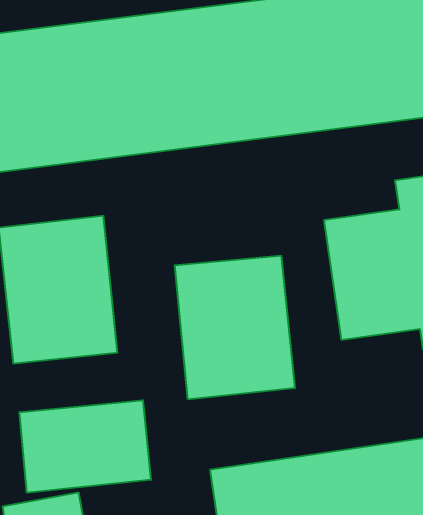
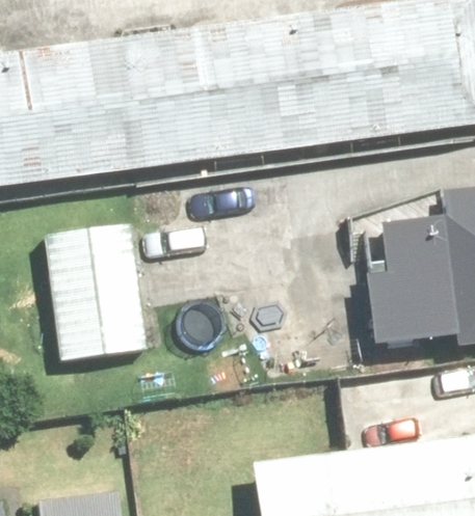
building: [175,256,295,399] -> none
building: [19,400,151,493] -> none

